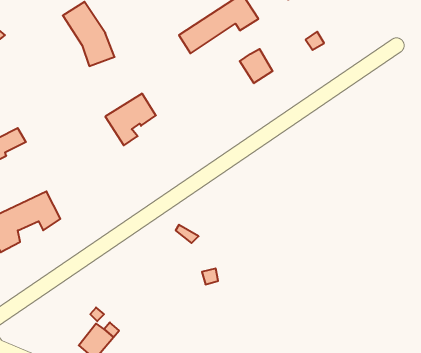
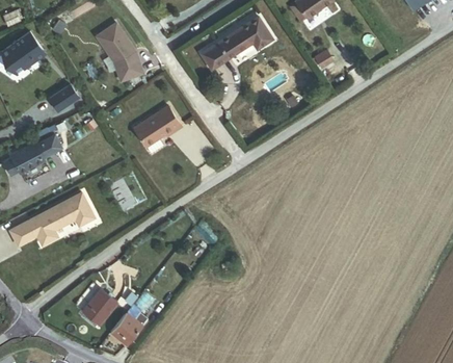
building: [240,49,273,83] -> none
building: none -> [49,85,80,111]
building: none -> [83,288,118,325]

